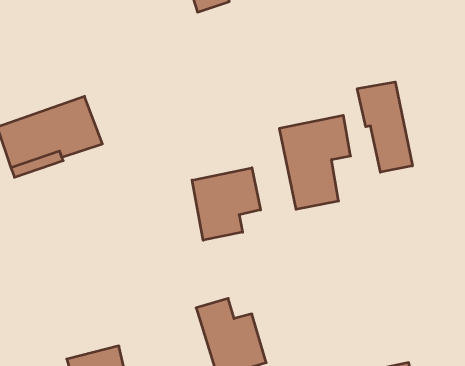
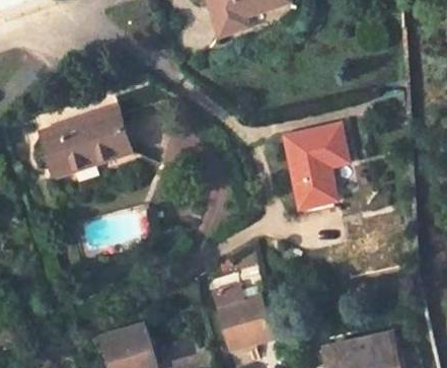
building: [357,82,412,172] -> none
building: [192,168,261,240] -> none

